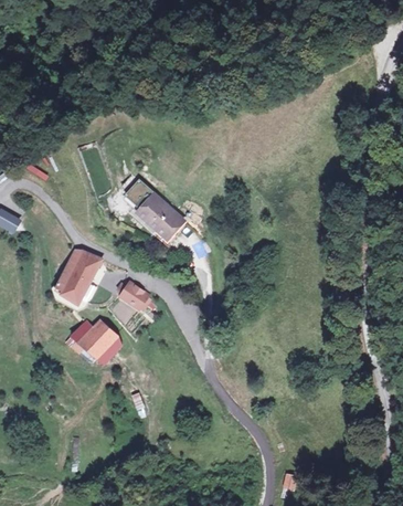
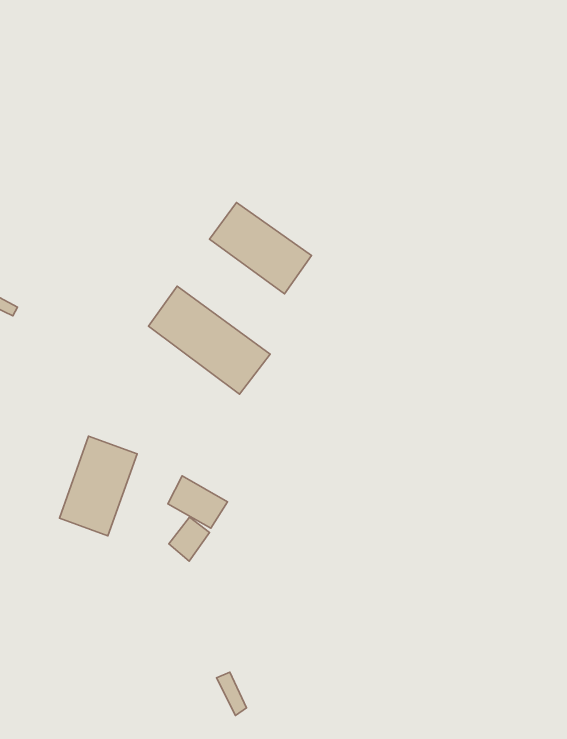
building: none -> [210,202,311,294]
building: [70,319,120,360] -> none

